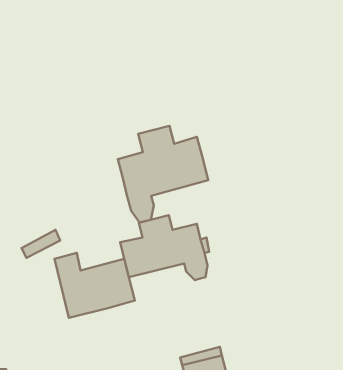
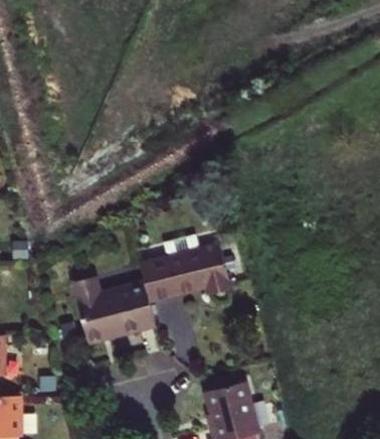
building: [118,126,208,223] -> none

